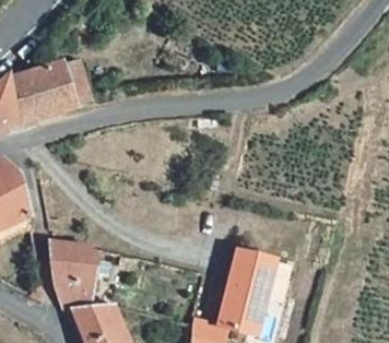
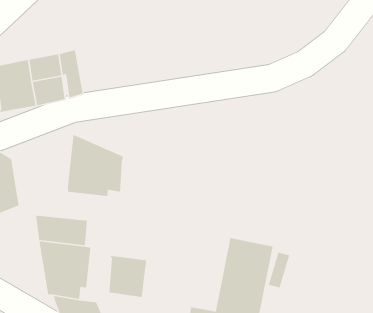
building: none -> [67,134,124,197]
building: none -> [109,255,147,298]

